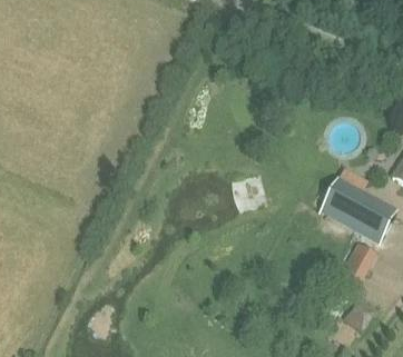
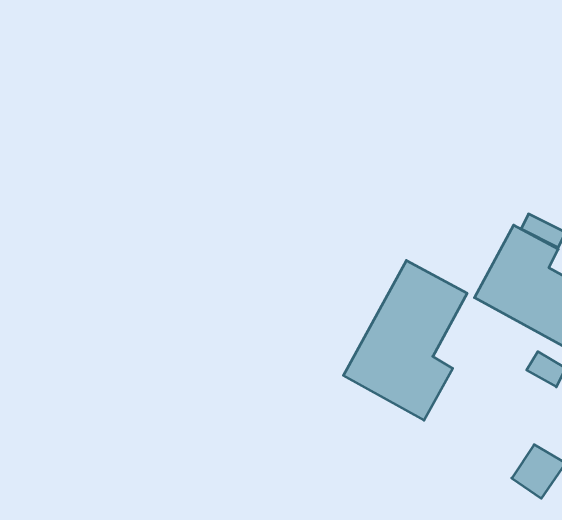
building: none -> [343,260,467,420]

